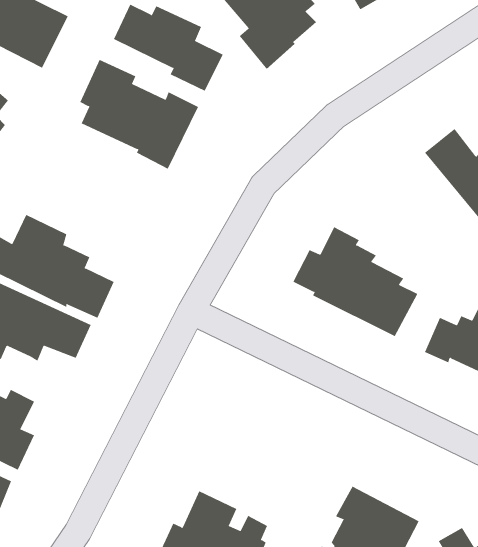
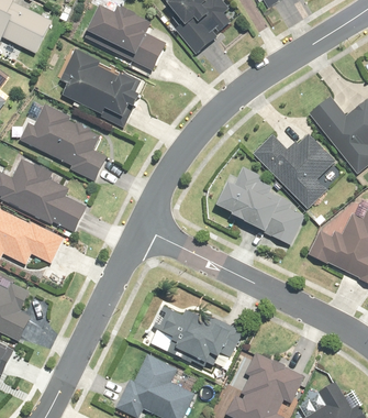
building: none -> [19,103,107,180]
building: none -> [253,134,334,208]
building: none -> [145,297,243,362]

